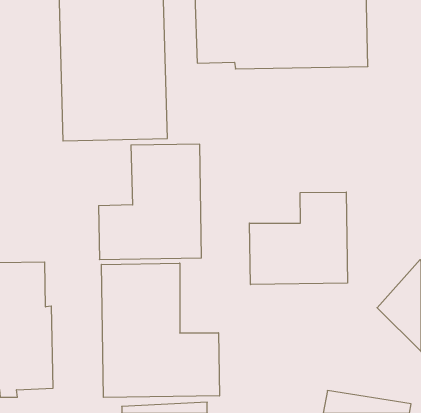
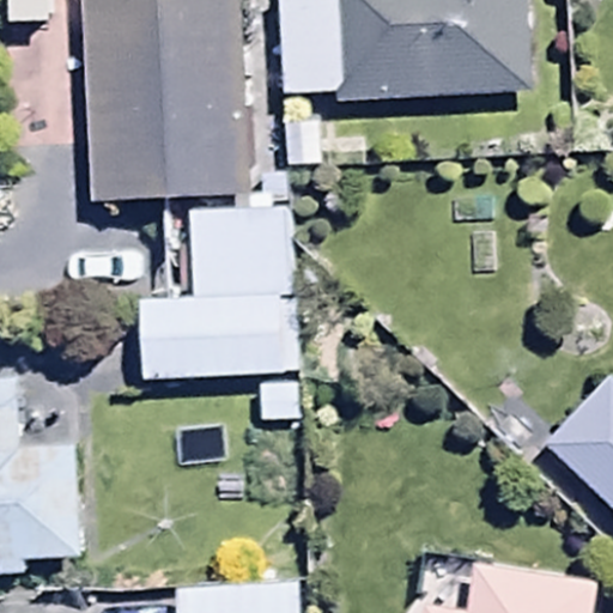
building: [249,192,347,285] -> none
building: [101,263,219,397] -> none

